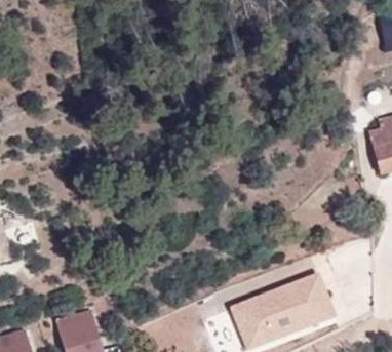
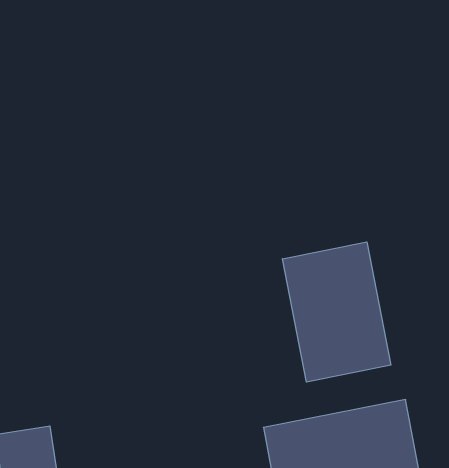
building: none -> [282,242,391,382]

